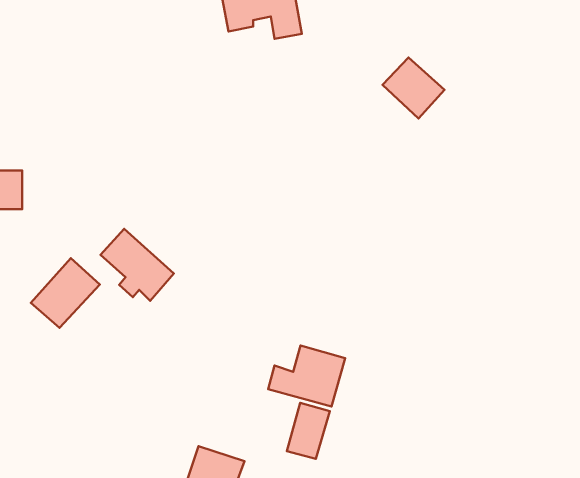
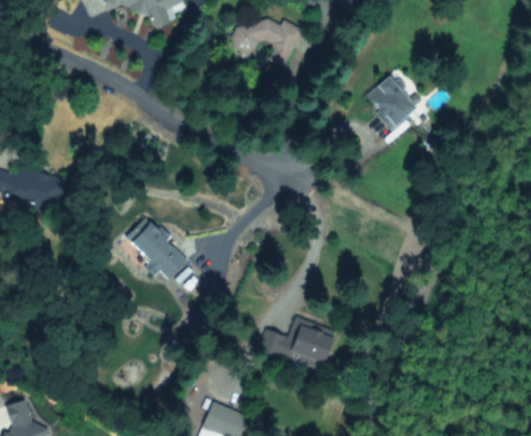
building: [31,258,100,328] -> none
building: [287,403,330,459] -> none

